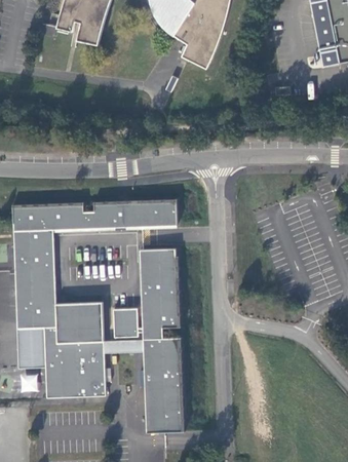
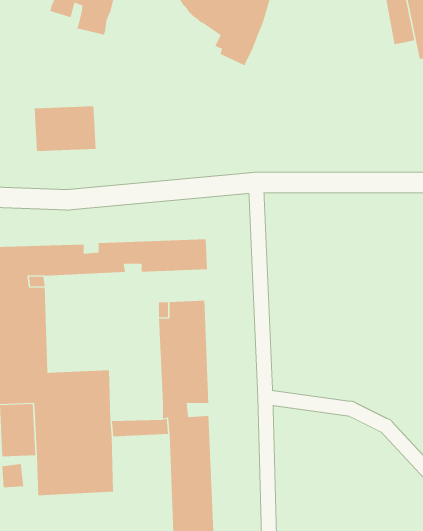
building: none -> [34,105,96,152]
building: [114,307,143,337] -> none

